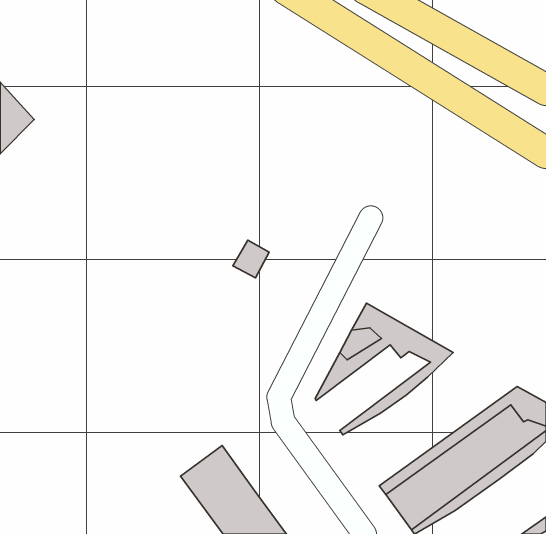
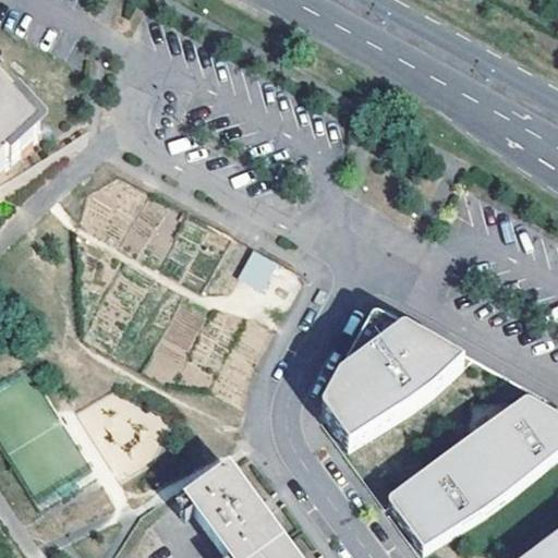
building: none -> [323,352,439,439]

